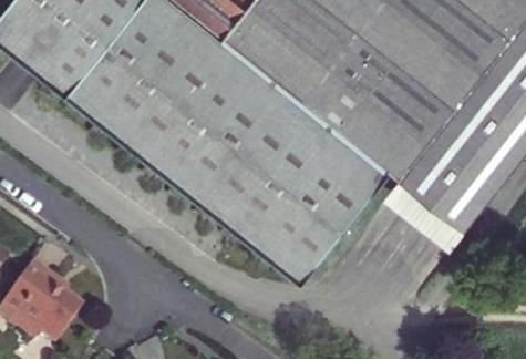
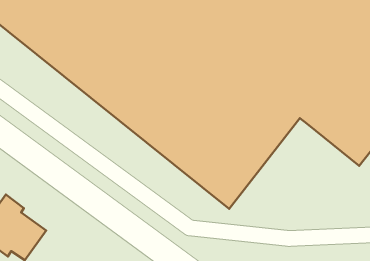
building: [385,176,466,249] -> none

